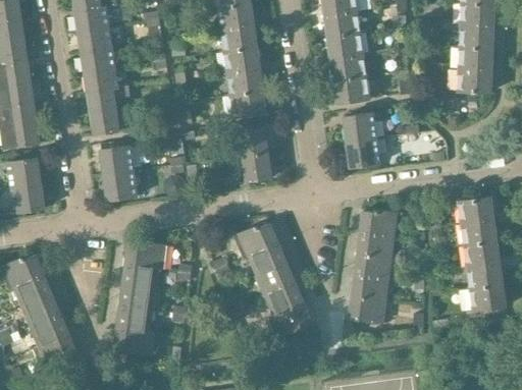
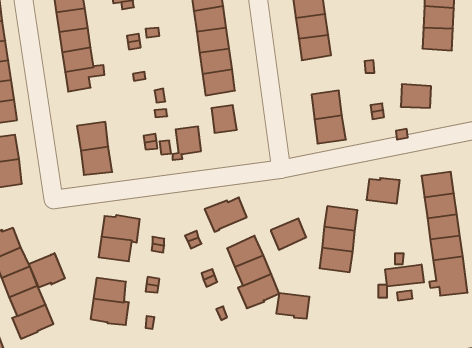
building: [459,68,490,93] -> [401,84,431,108]
building: [334,75,368,103] -> none
building: [92,109,135,134] -> none
building: [241,153,270,187] -> [173,127,201,160]
building: [361,210,396,236] -> [366,178,400,204]
building: [249,243,285,276] -> [271,218,306,250]
building: none -> [29,253,65,288]
building: [121,285,155,311] -> none
building: none -> [385,264,424,287]
building: [350,296,384,323] -> [276,293,310,319]

